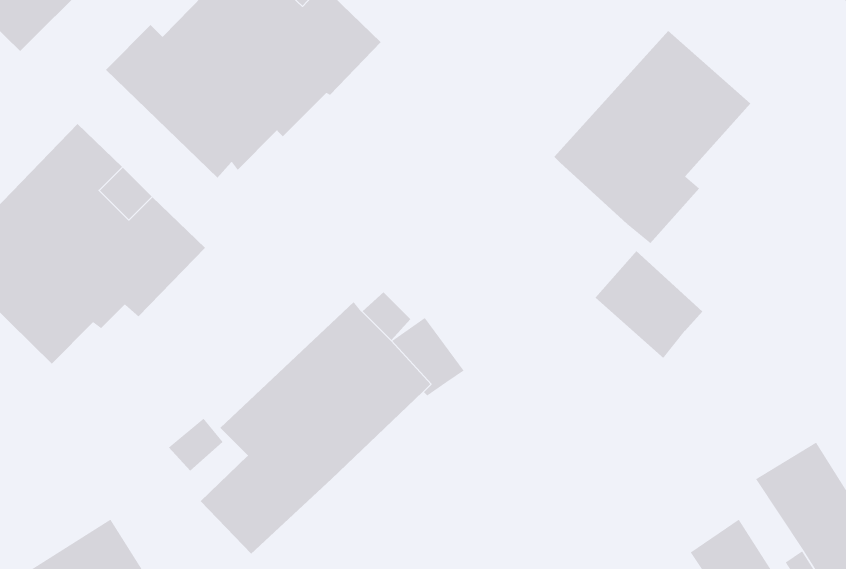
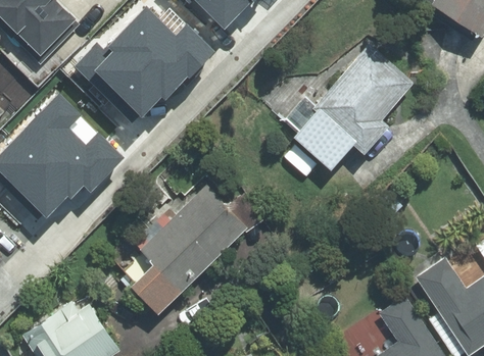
building: [595,250,703,359] -> [290,113,346,169]

